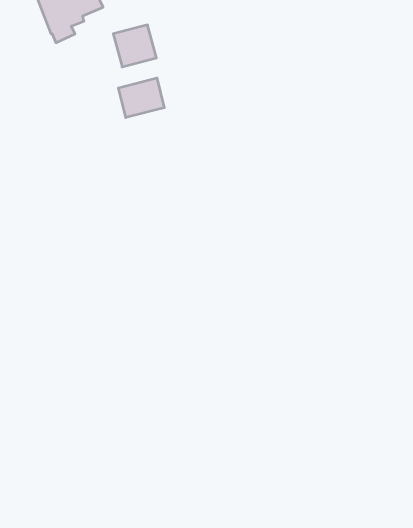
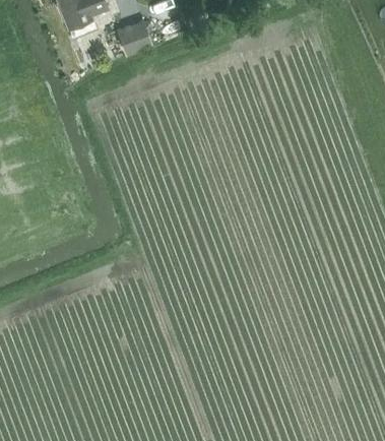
building: [118,78,164,118] -> none

